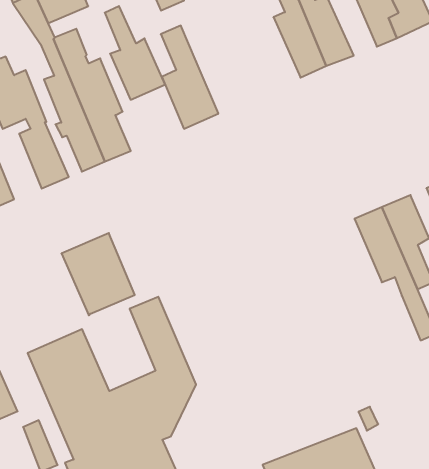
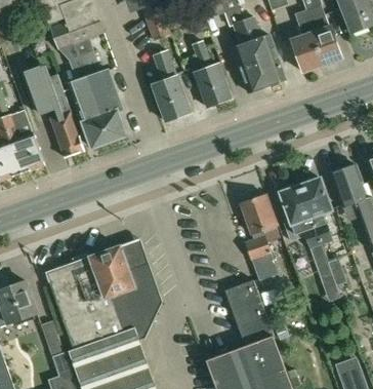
building: [105,6,165,100] -> [191,41,230,107]
building: none -> [239,194,278,280]
building: [61,233,135,315] -> [85,245,134,302]
building: none -> [223,279,272,345]

